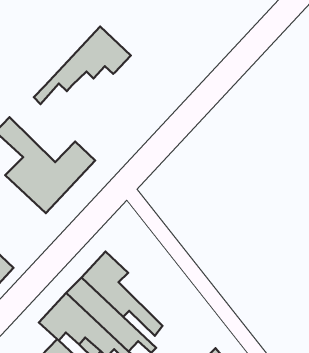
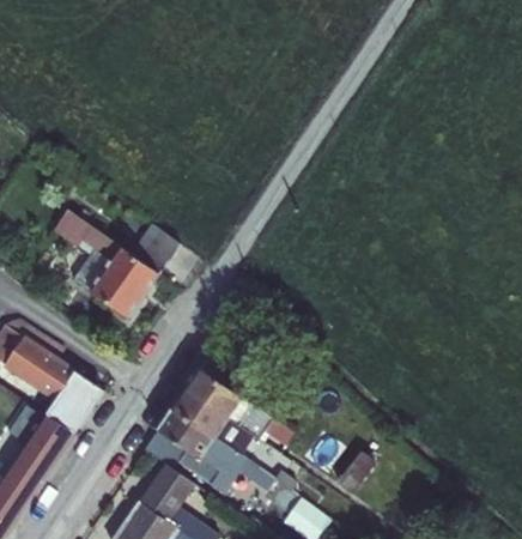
building: [34,27,131,104] -> none

